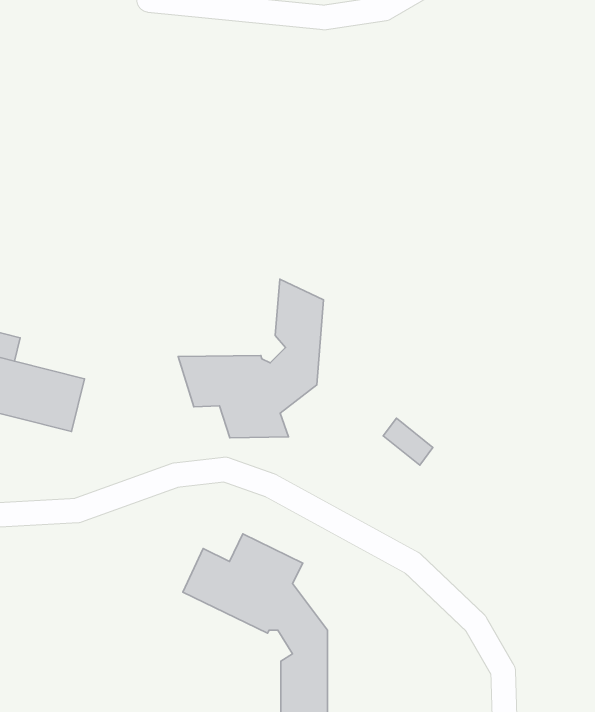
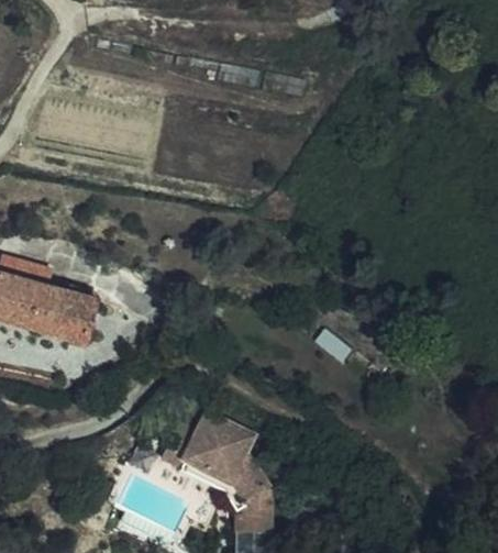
building: [178,279,324,438] -> none

